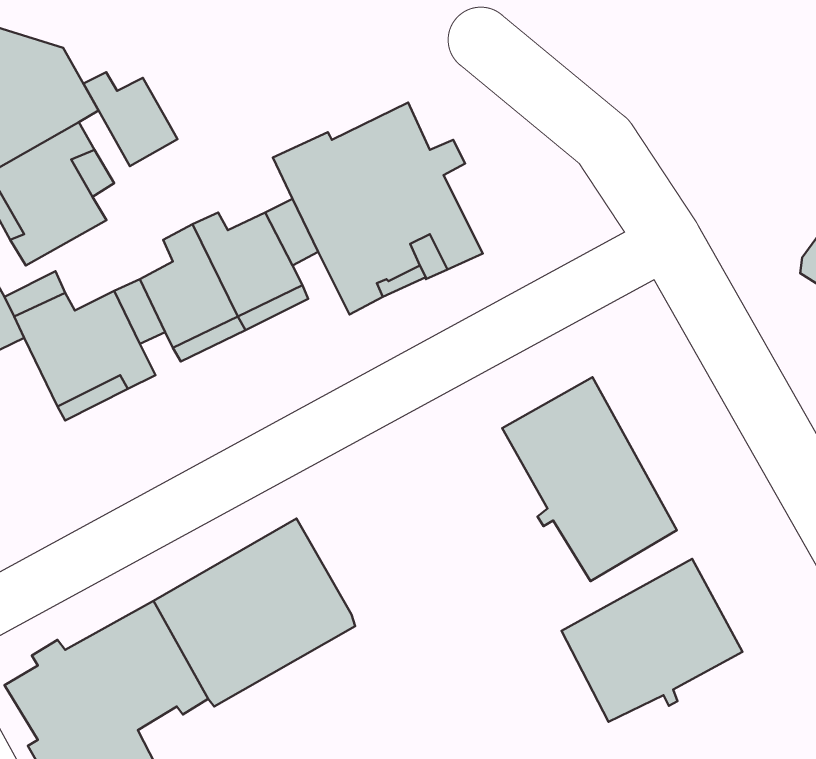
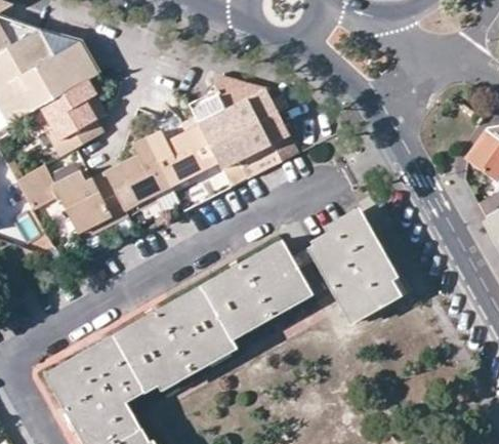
building: [83,72,177,166] -> none
building: none -> [199,239,310,339]
building: [562,559,742,722] -> none

